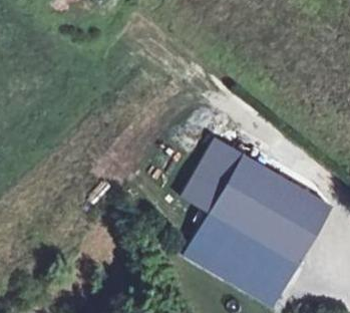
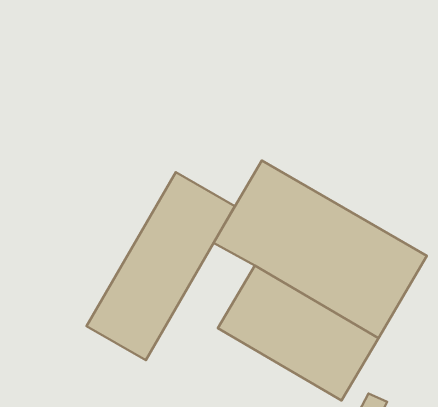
building: none -> [87,172,235,360]

